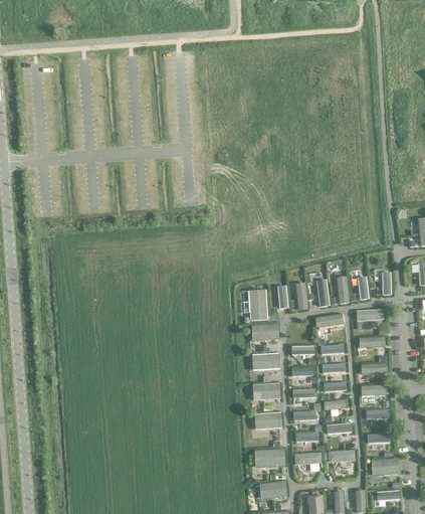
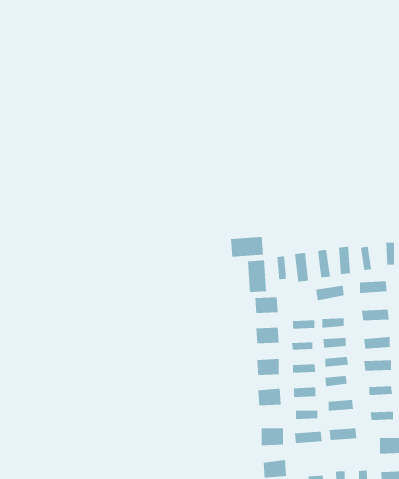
building: none -> [230,236,264,257]

